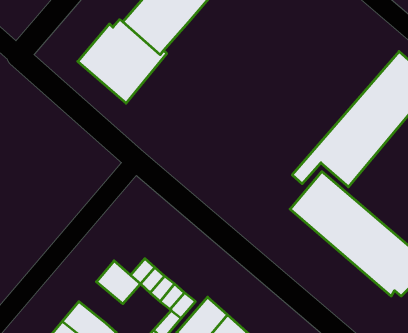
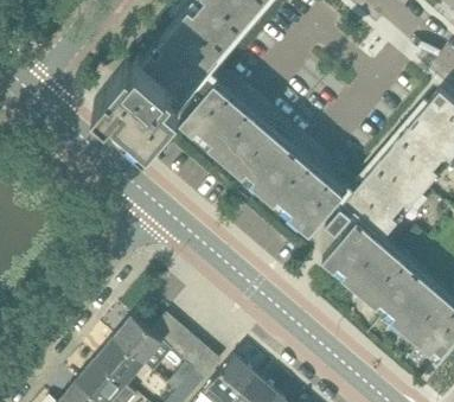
building: none -> [180,81,344,232]
building: none -> [95,340,142,385]

